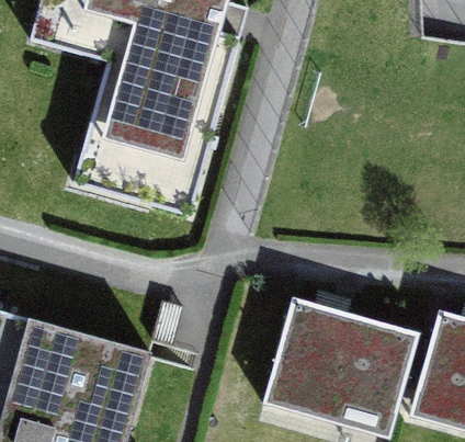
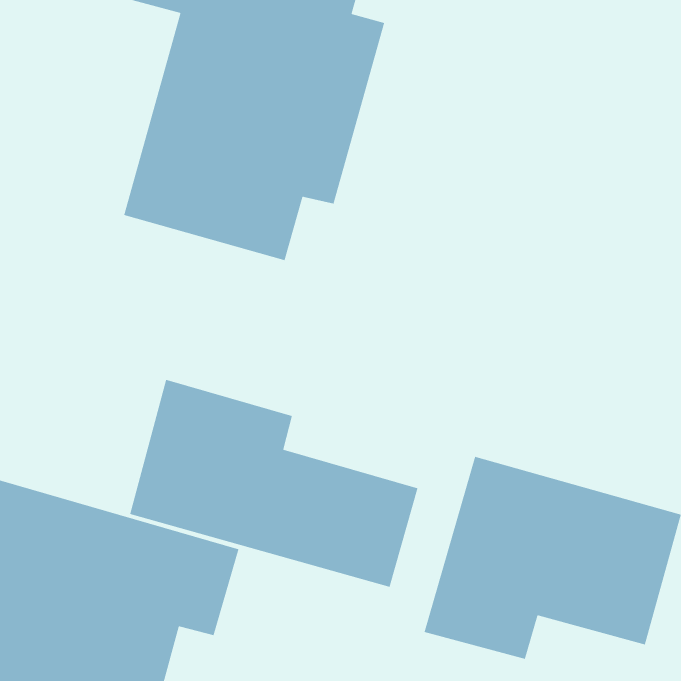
building: none -> [129,379,419,588]

